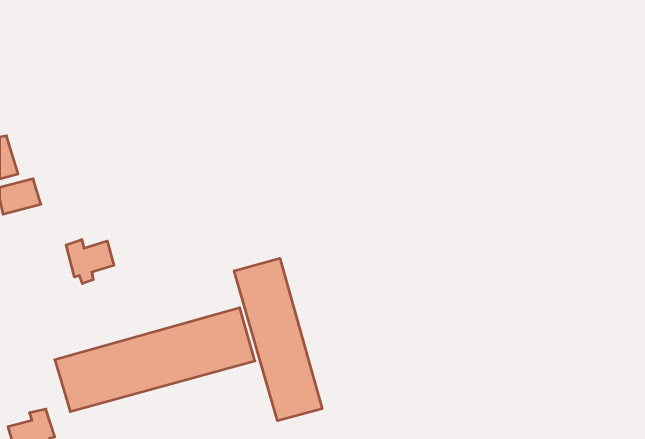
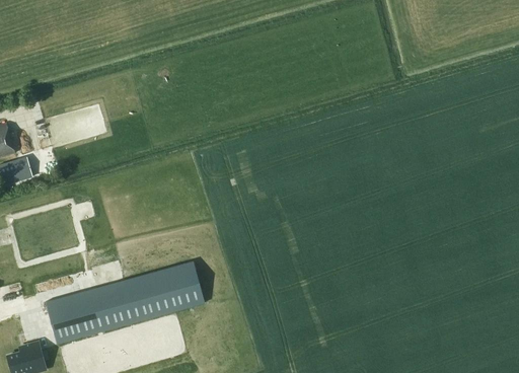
building: [66,239,114,284] -> none
building: [234,258,322,421] -> none

